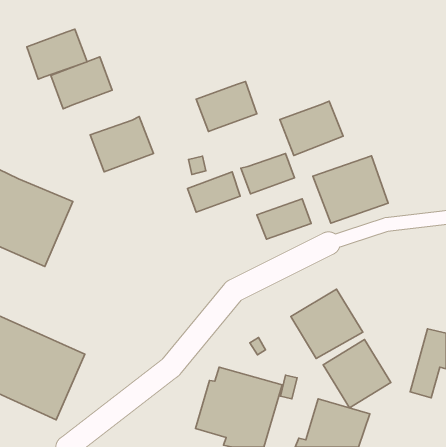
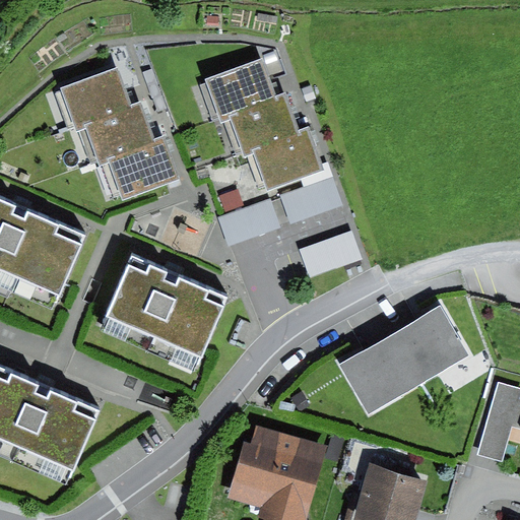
building: [27,29,87,79] -> [83,102,153,159]
building: none -> [203,58,275,118]
building: [280,101,343,155] -> [250,128,323,191]
building: [313,156,388,223] -> none
building: none -> [99,256,228,373]
building: [323,340,391,408] -> [390,306,468,385]

